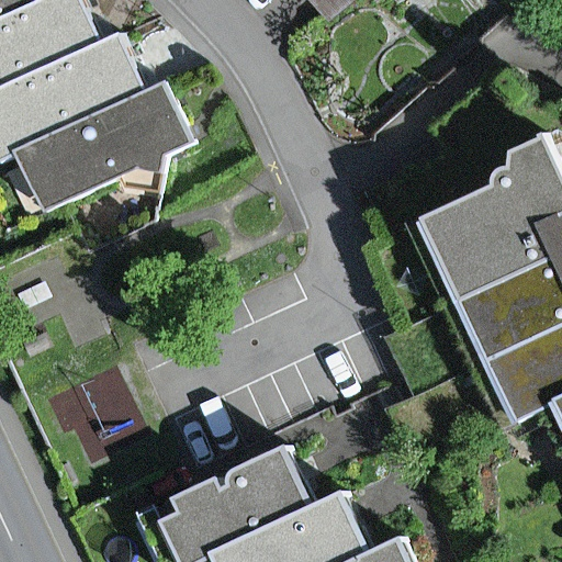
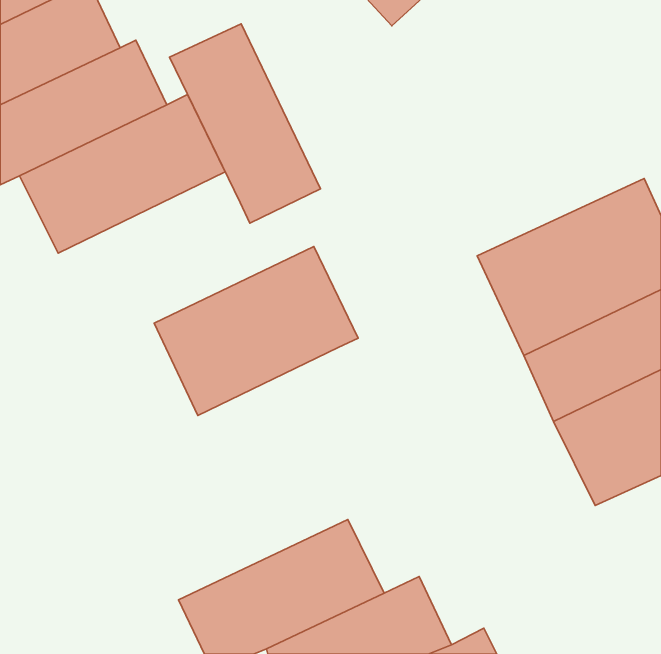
building: none -> [170,24,321,223]
building: none -> [154,247,358,416]

